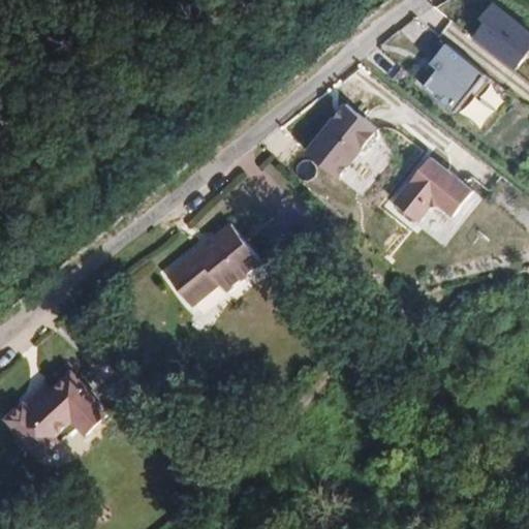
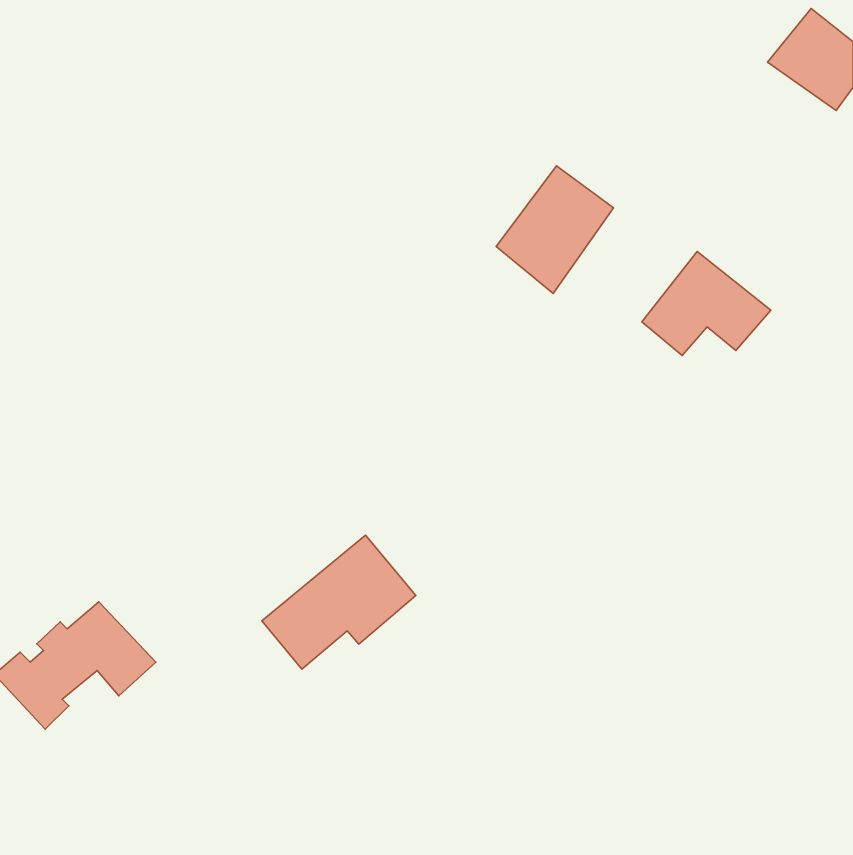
building: [410,38,488,115] -> none
building: [156,224,251,307] -> [262,535,416,669]

